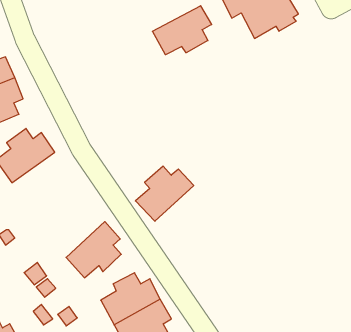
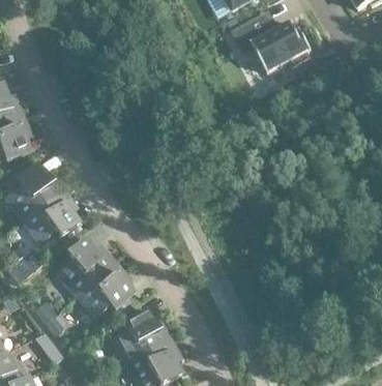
building: [152,6,212,55] -> none
building: none -> [21,187,78,241]
building: [135,166,194,221] -> [56,238,115,294]

